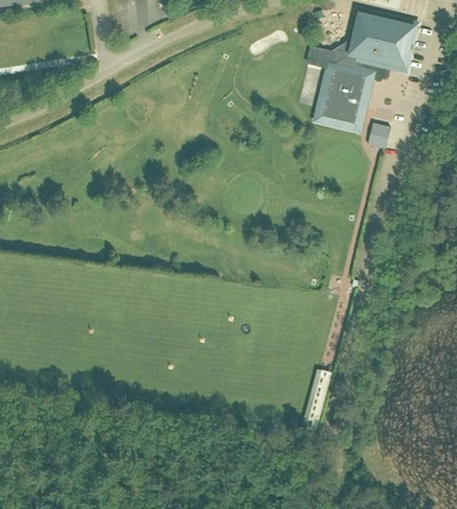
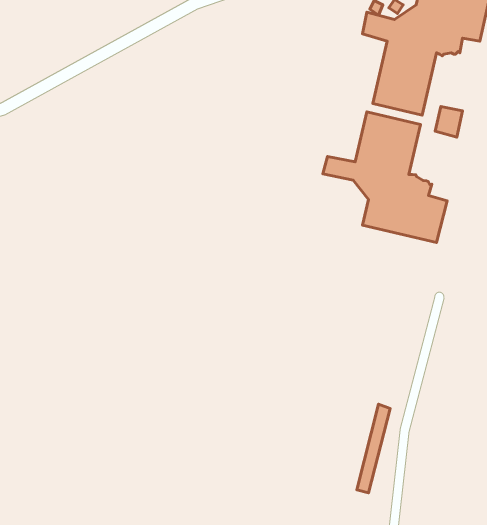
building: none -> [323,112,447,243]

